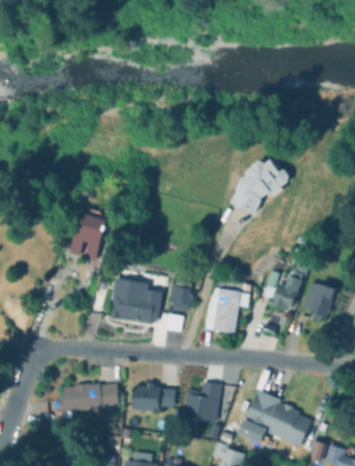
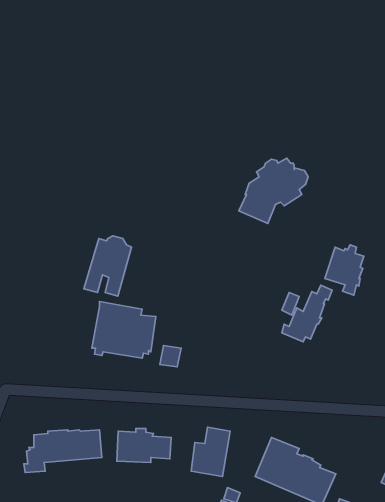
building: [67,211,107,261] -> [84,236,132,296]
building: [170,280,194,310] -> none
building: [204,280,251,333] -> none
building: [302,280,334,322] -> [325,245,364,295]

